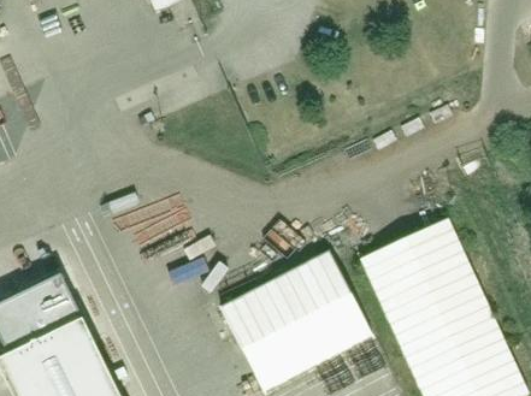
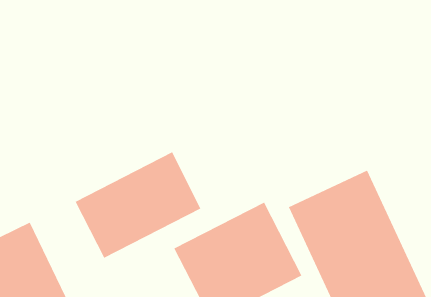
building: none -> [75,151,202,259]

